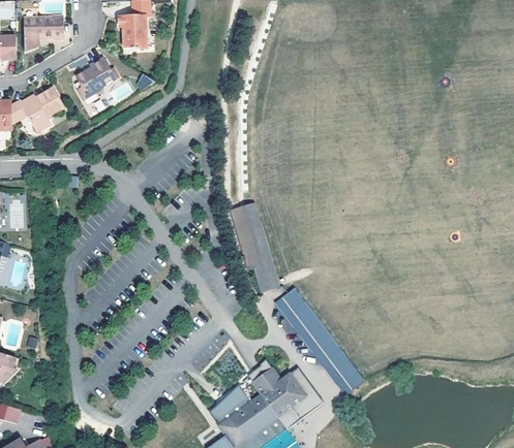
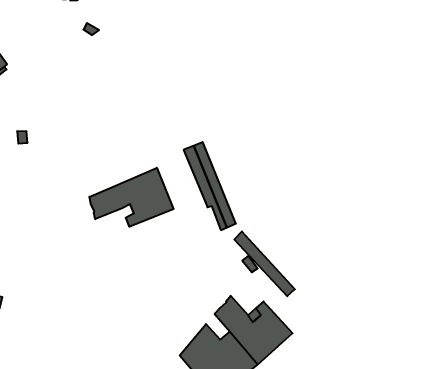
building: [78,56,119,97] -> none
building: none -> [89,168,174,227]
building: [281,286,362,392] -> none

